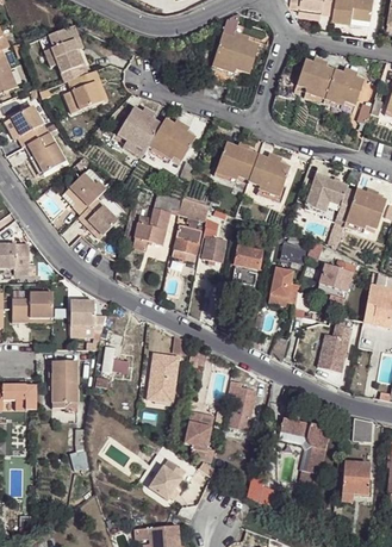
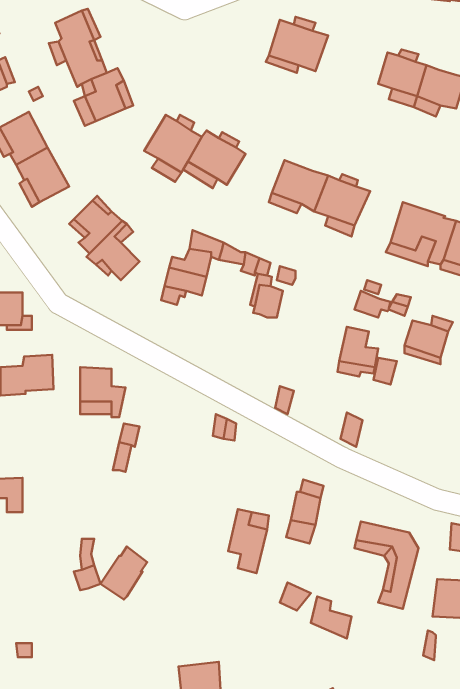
building: [173,226,200,261] -> none
building: [232,243,263,282] -> none
building: [317,318,351,371] -> none
building: [148,354,179,400] -> none
building: [52,360,76,402] -> none
building: [147,459,182,499] -> [100,547,147,599]

